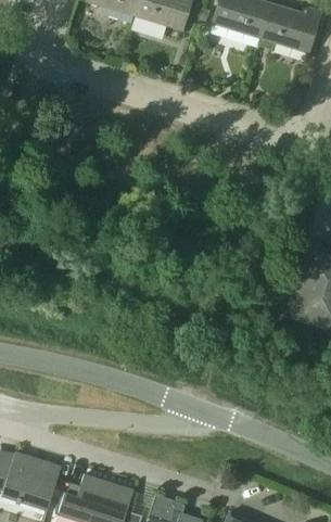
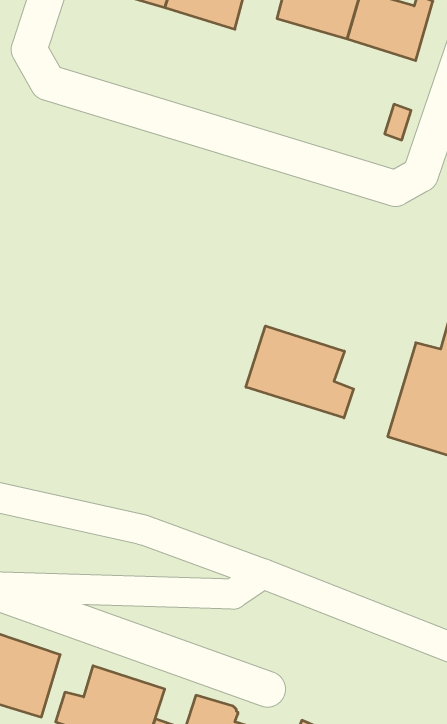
building: none -> [246,326,354,418]

